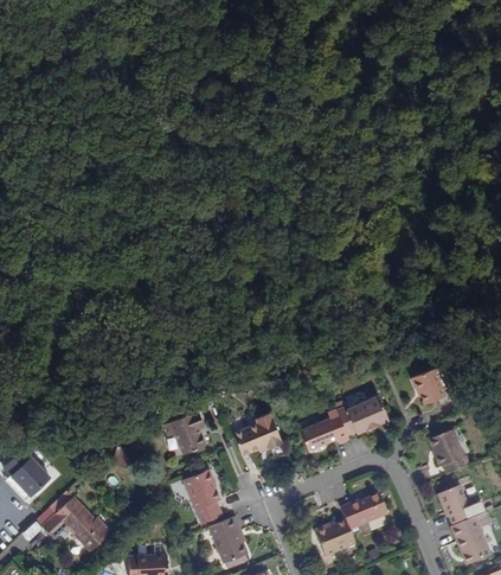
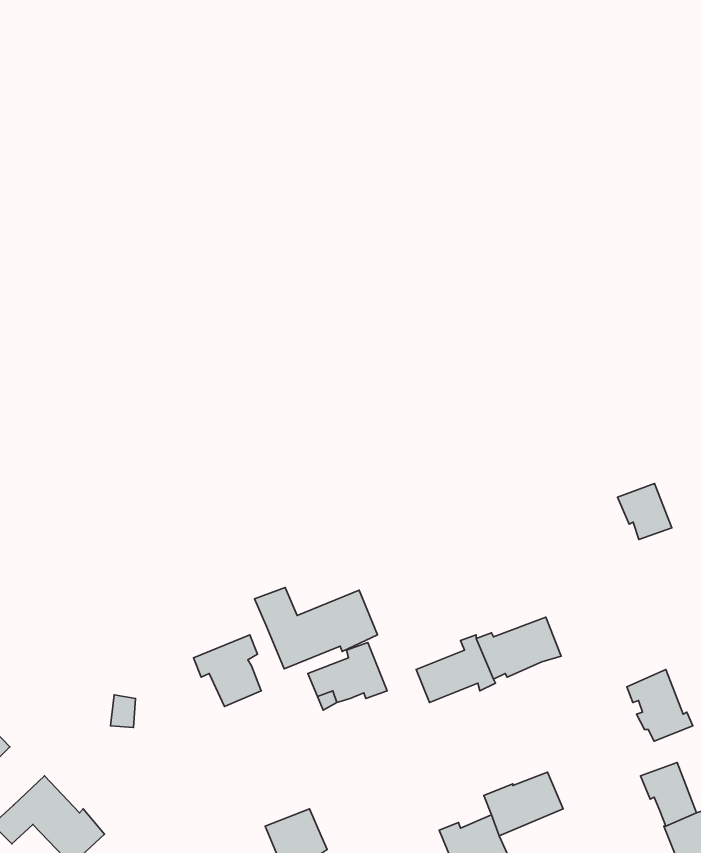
building: [411,370,444,404] -> [618,483,672,540]
building: none -> [255,587,377,669]
building: [182,468,221,523] -> none

